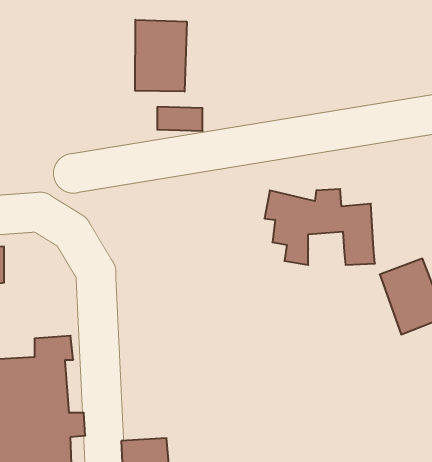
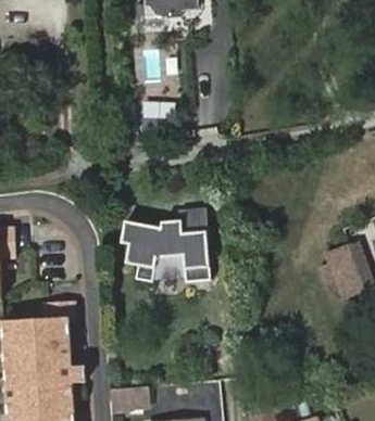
building: [135,20,187,92] -> none
building: [264,189,375,265] -> [115,219,205,281]

